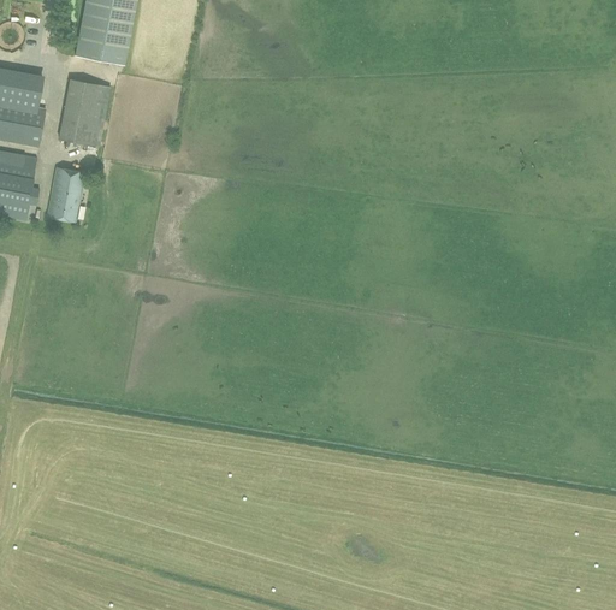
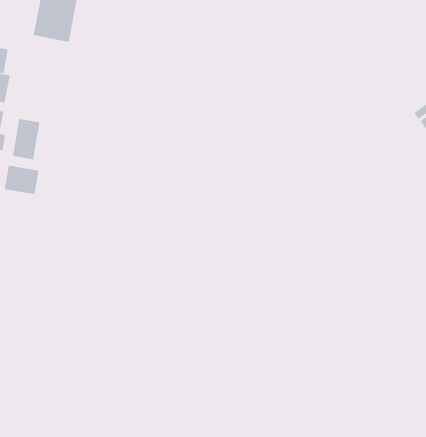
building: [58,78,109,146] -> none
building: none -> [4,165,39,195]

